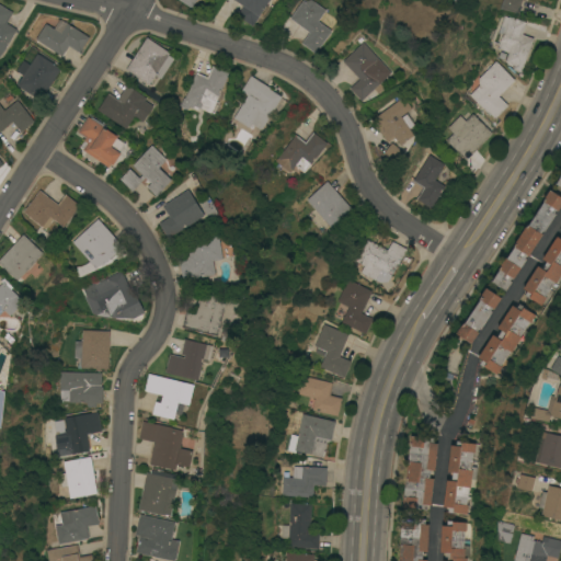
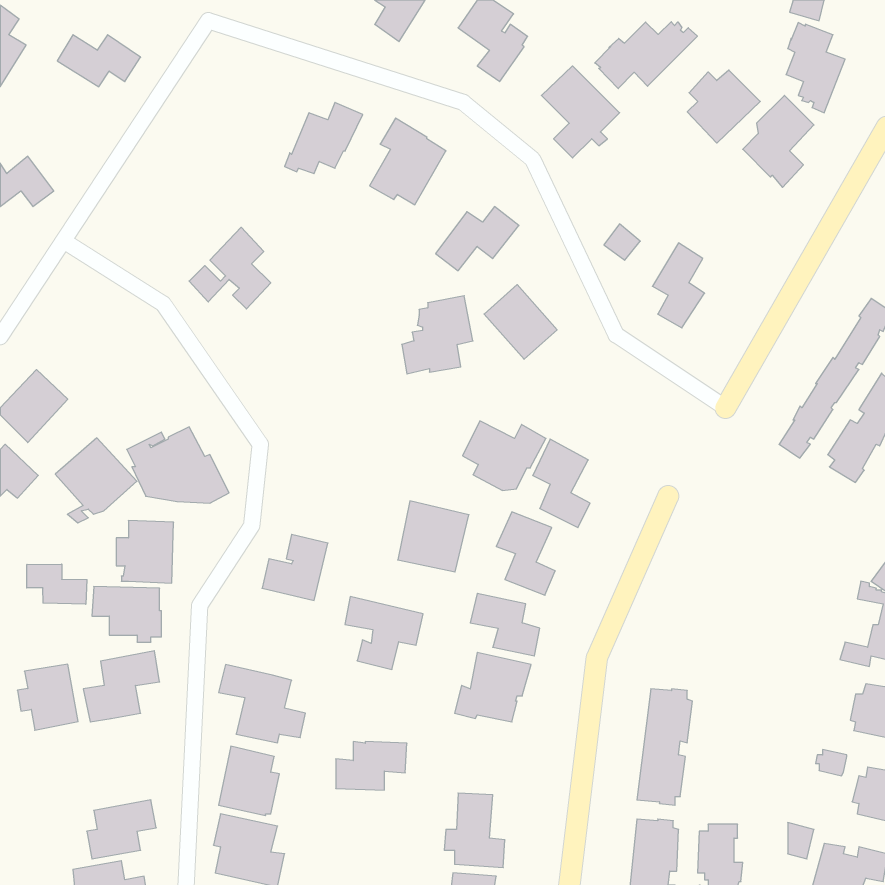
building: none -> [595,22,697,89]
building: [126,37,175,84] -> none
building: [18,54,62,101] -> none
building: [99,85,154,128] -> none
building: [373,96,415,145] -> none
building: [447,114,493,160] -> [687,70,760,143]
building: [79,116,125,167] -> none
building: [160,190,206,239] -> none
building: [24,191,81,229] -> none
building: [72,219,124,273] -> [55,438,137,523]
building: [180,230,225,279] -> [402,296,473,374]
building: [355,239,408,283] -> [463,421,546,490]
building: [457,288,502,343] -> none
building: [183,290,228,335] -> [398,501,469,572]
building: [479,305,537,375] -> none
building: none -> [27,564,87,604]
building: [146,374,195,420] -> [345,597,423,669]
building: [444,442,478,514] -> none
building: [59,457,98,499] -> [17,664,78,730]
building: [283,466,328,496] -> [336,742,407,790]

